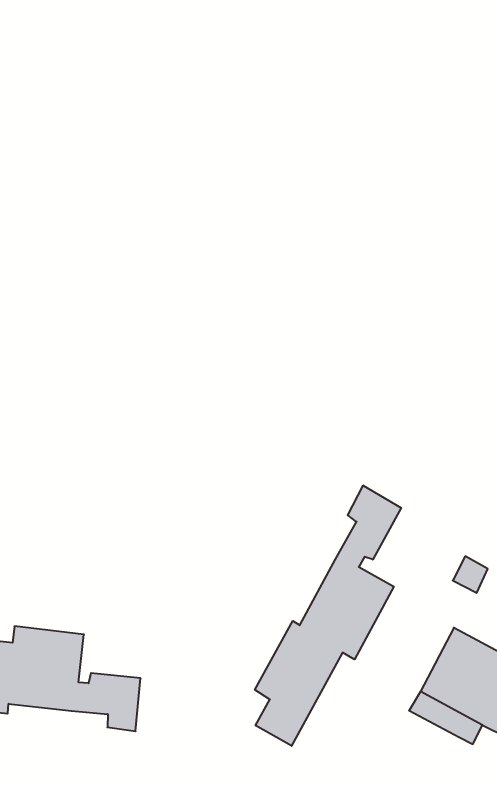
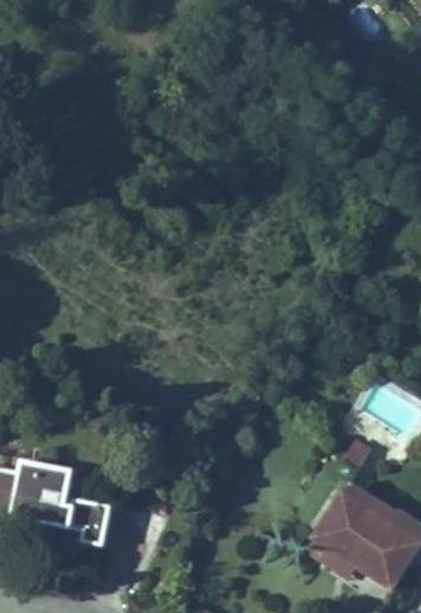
building: [255,485,401,746] -> none

